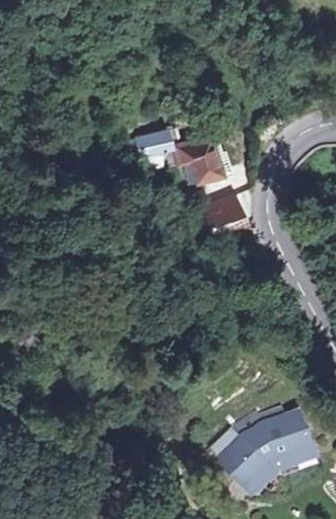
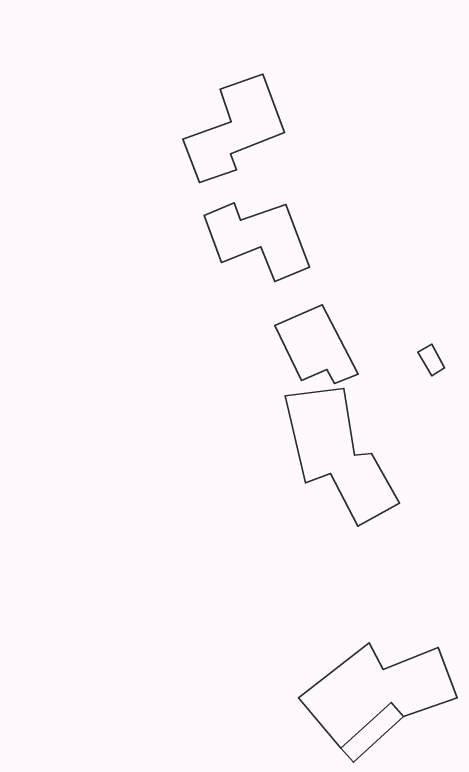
building: none -> [183,74,284,182]
building: none -> [285,389,399,526]

